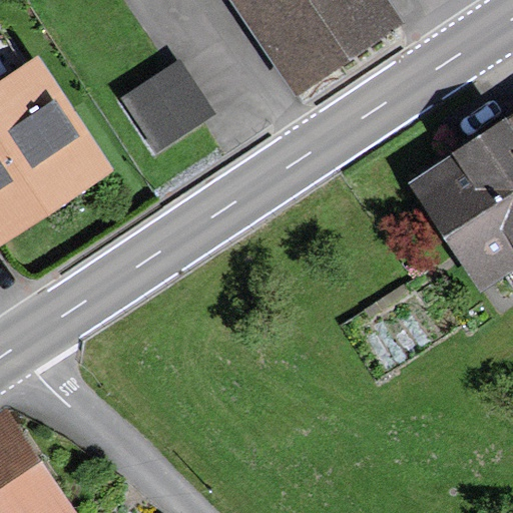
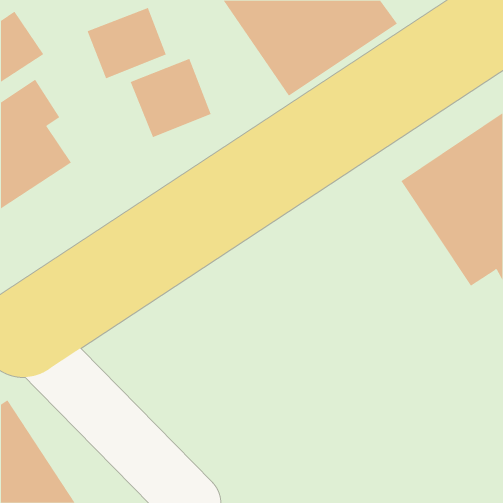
building: none -> [87,7,167,79]

